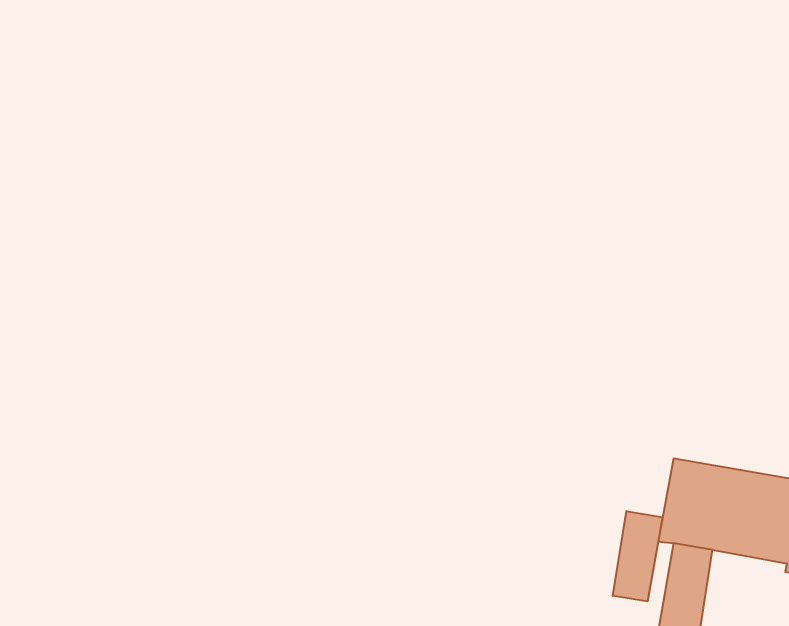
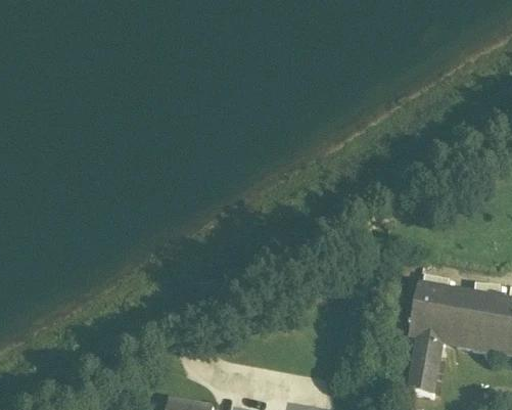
building: [613,511,663,601] -> none

